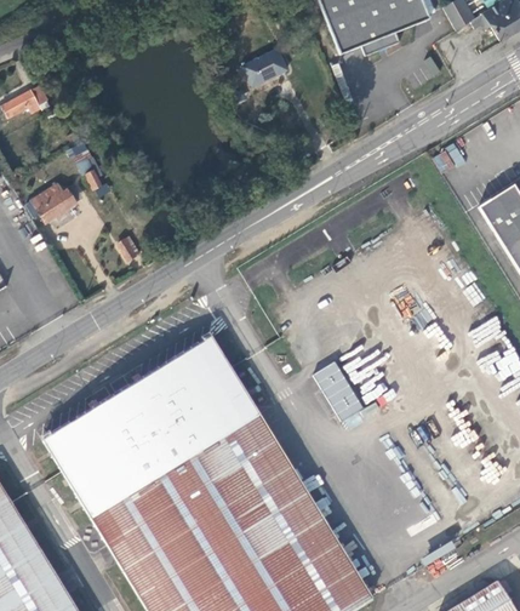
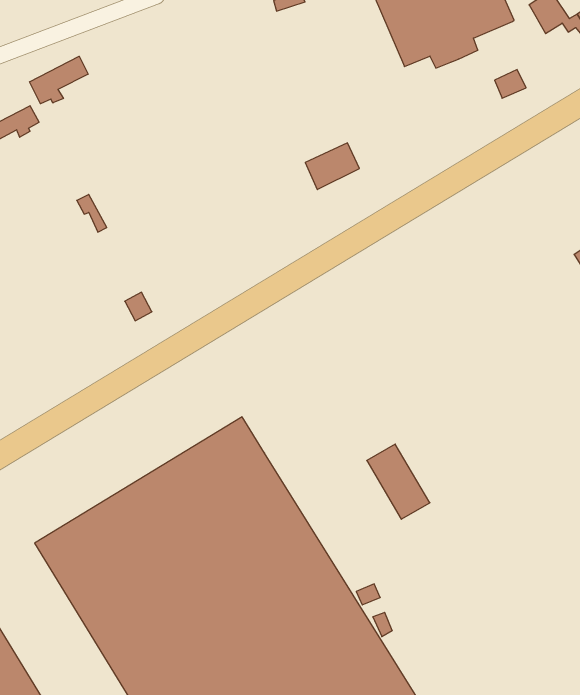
building: none -> [30,56,88,104]
building: [242,48,286,86] -> [305,143,359,190]
building: [28,184,75,221] -> none

